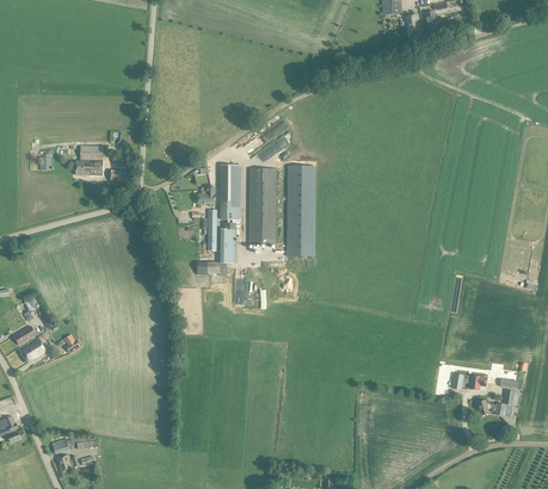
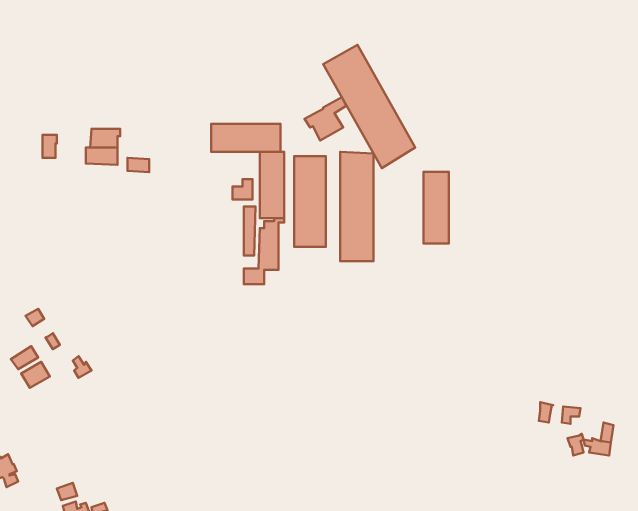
building: none -> [323,45,415,168]
building: none -> [211,124,280,152]
building: none -> [424,172,449,244]

